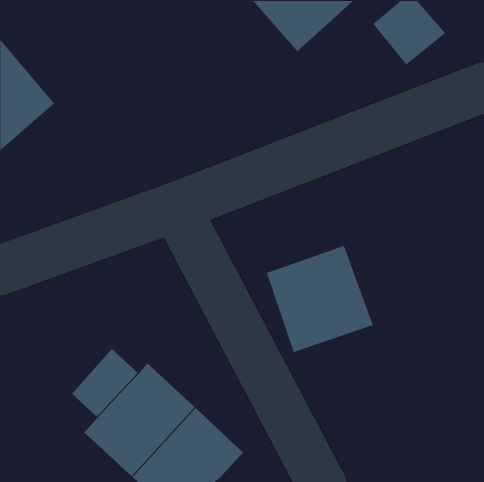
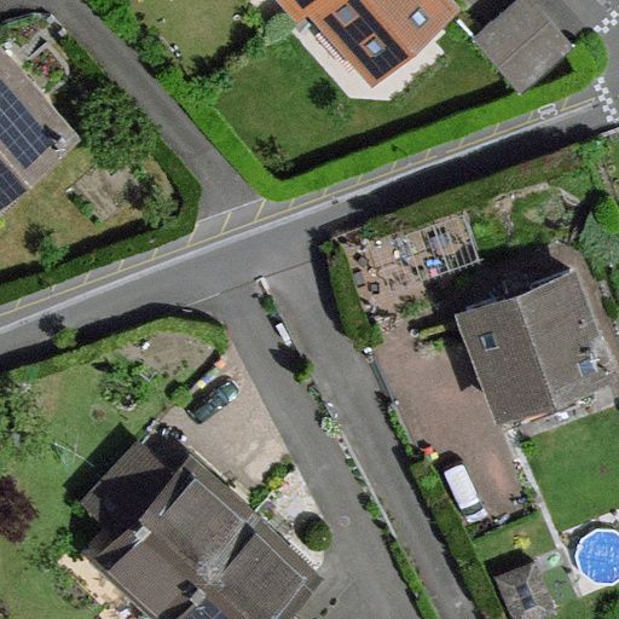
building: [266,245,374,353] -> [470,277,608,415]

